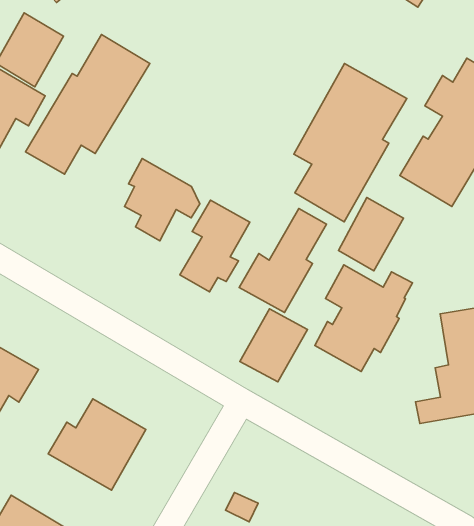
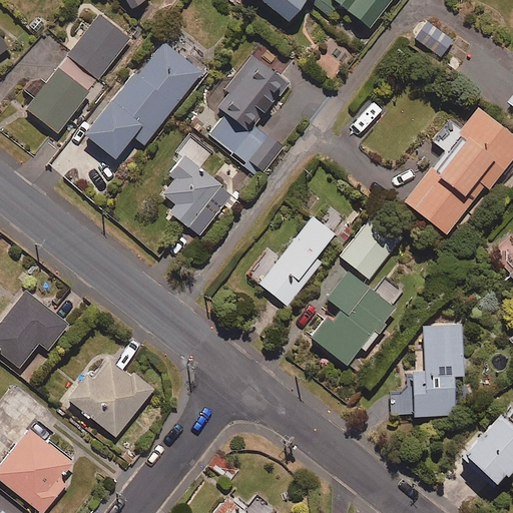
building: none -> [209,53,289,176]
building: [294,64,407,222] -> none
building: [180,200,250,292] -> none
building: [240,309,307,382] -> none

